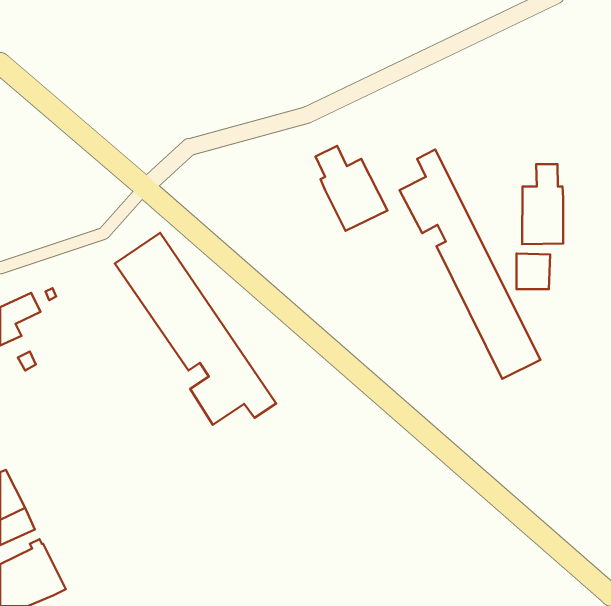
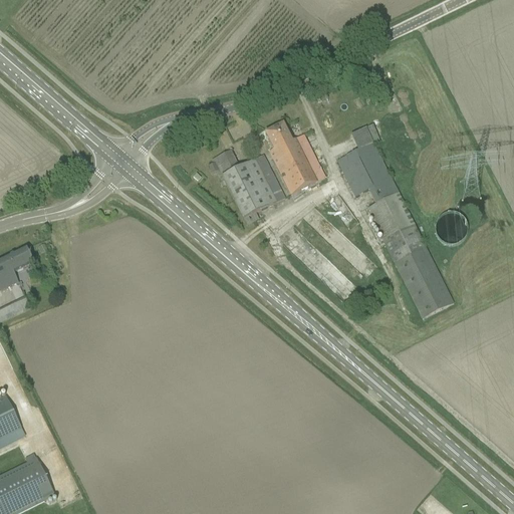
building: [522,164,563,244] -> none
building: none -> [209,149,285,223]
building: [115,233,276,425] -> none

